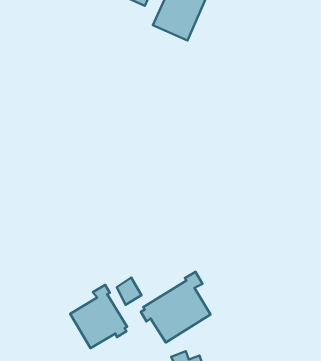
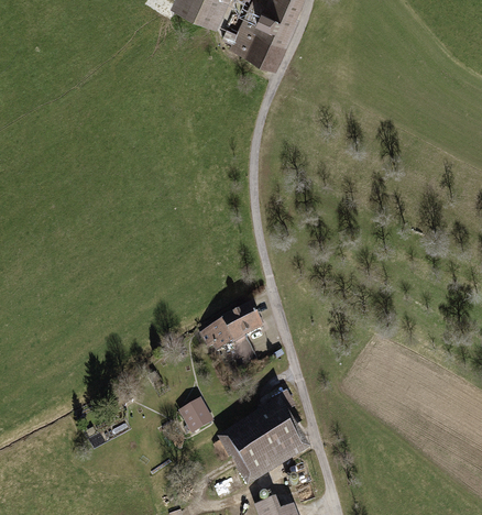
building: none -> [197,303,262,349]
building: [70,285,127,348] -> none

